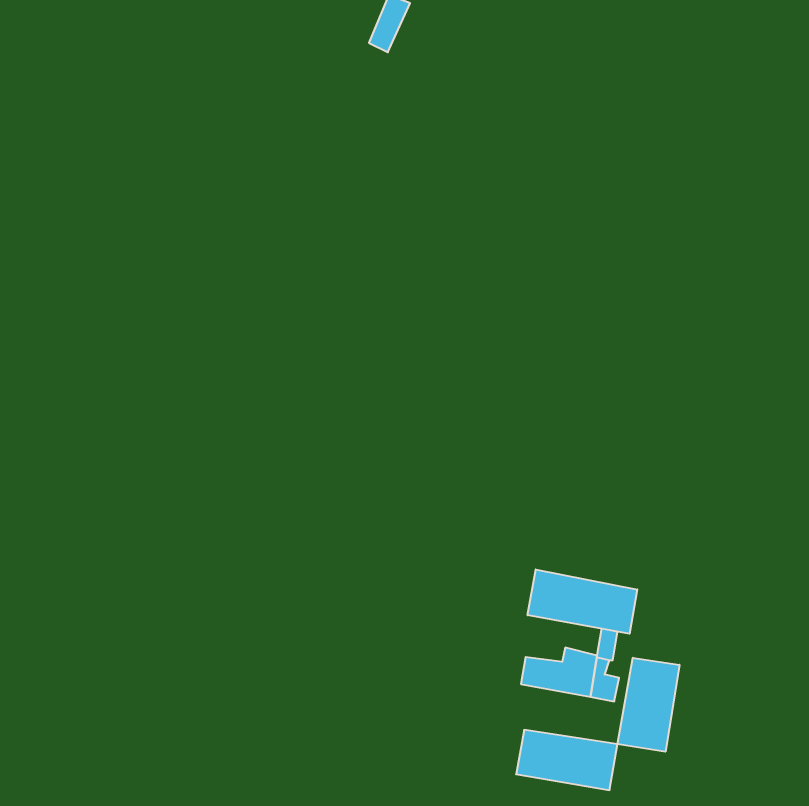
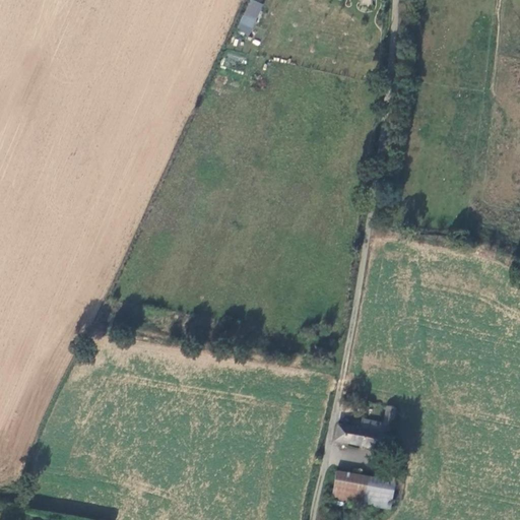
building: [528,569,637,634] -> none
building: [617,658,679,752] -> none

